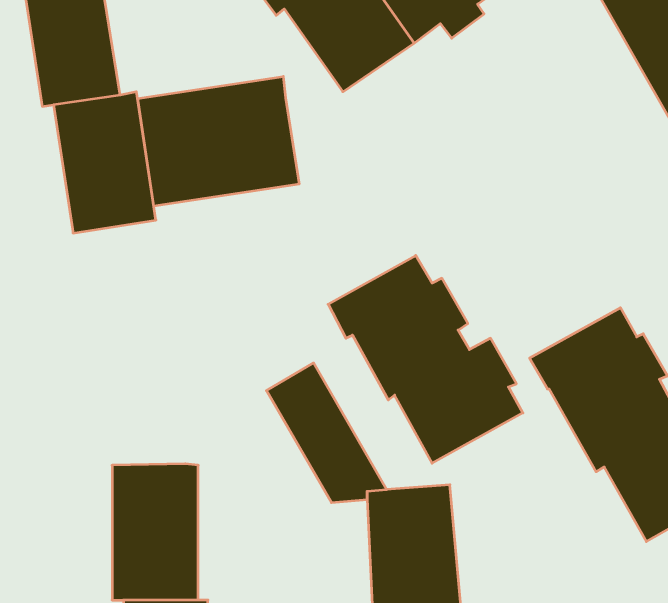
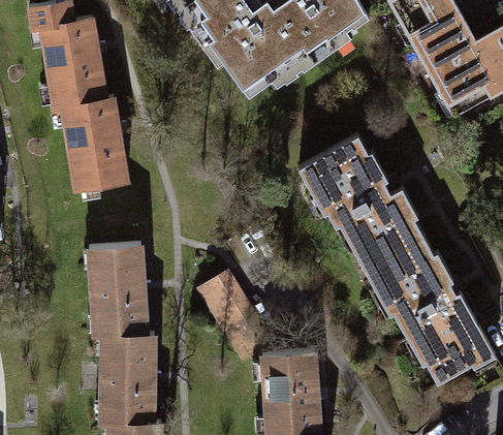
building: [138,76,299,206] -> none
building: [328,255,523,463] -> [298,135,422,268]
building: none -> [87,244,146,336]

